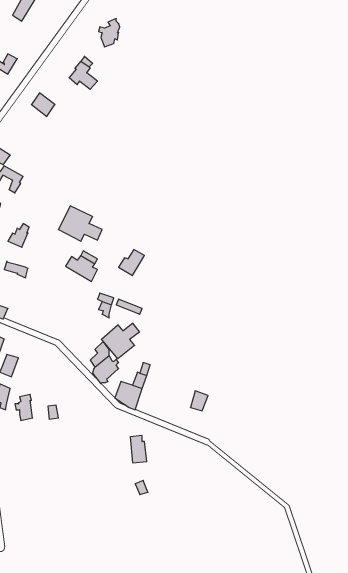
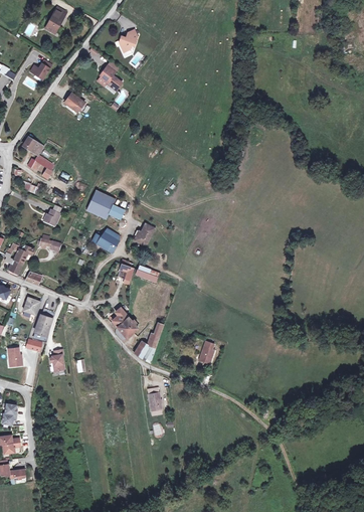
building: [101,323,139,359] -> none

